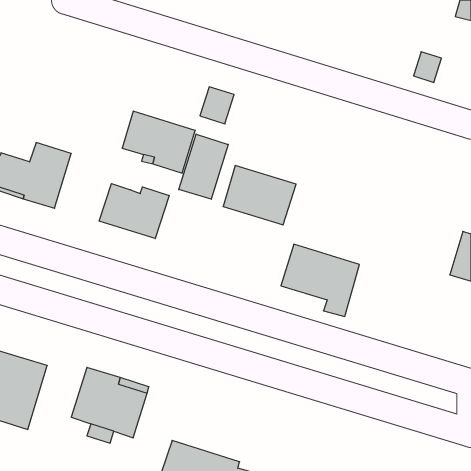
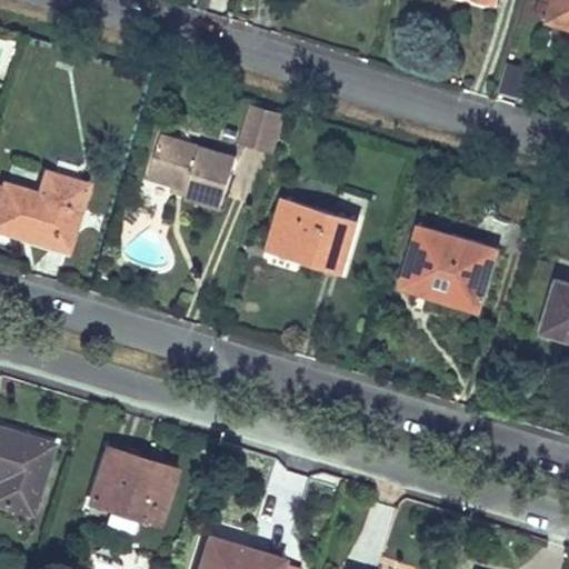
building: [179,134,228,199] -> none
building: [99,184,169,239] -> none
building: [281,244,359,316] -> [402,226,497,312]

